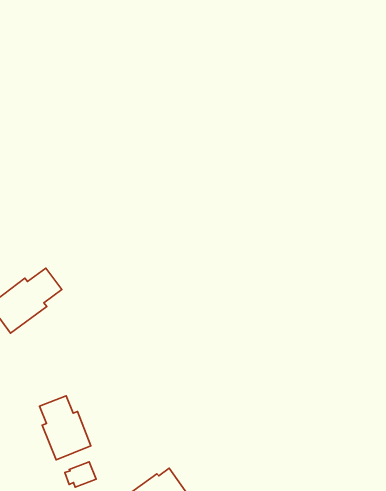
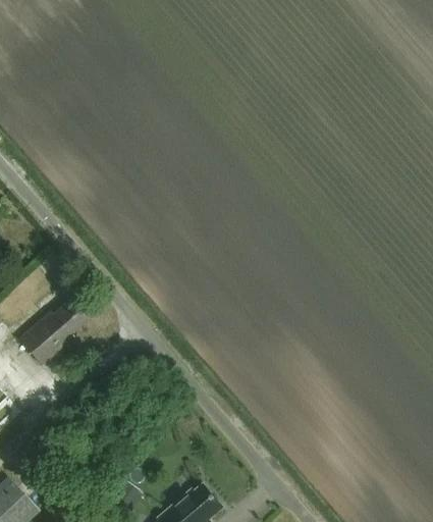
building: [40,396,91,460] -> none

